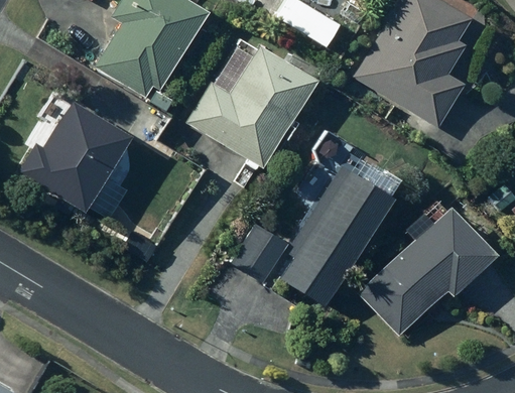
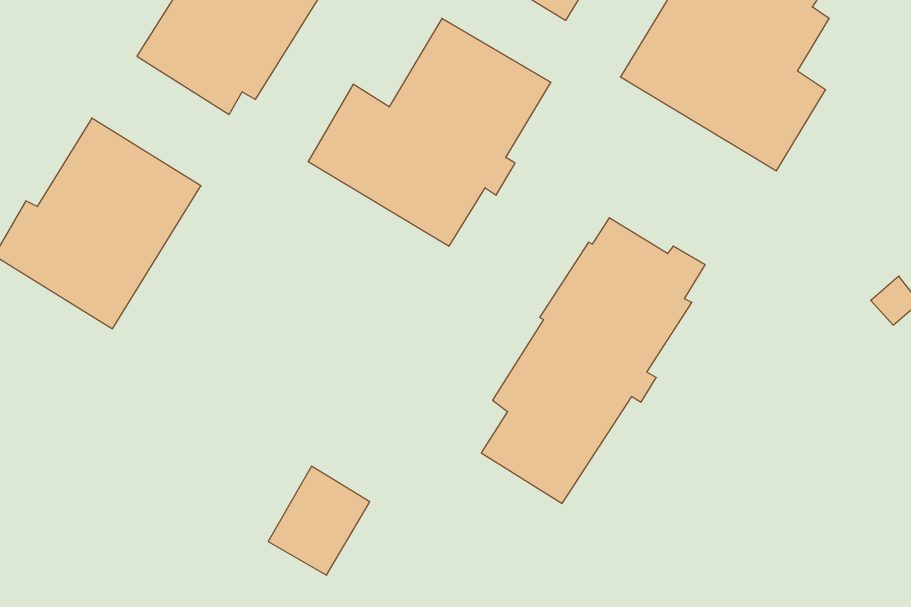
building: [359,207,497,337] -> none
building: [234,225,288,283] -> [268,466,370,575]

